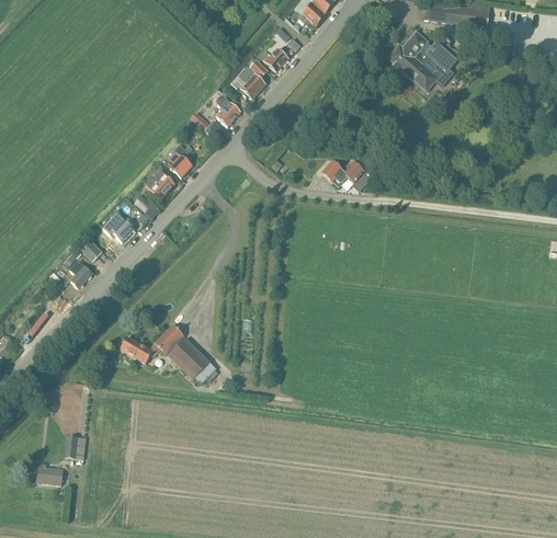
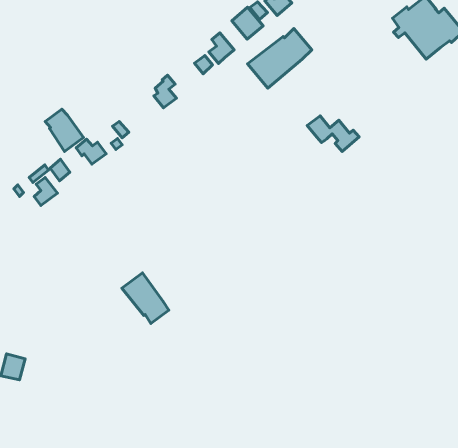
building: none -> [247,29,312,88]
building: [146,165,174,198] -> none
building: none -> [45,109,83,151]
building: [121,324,184,363] -> none

